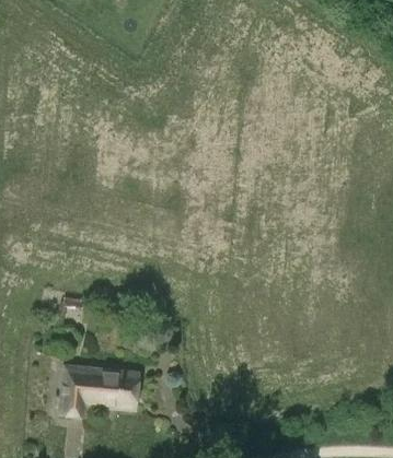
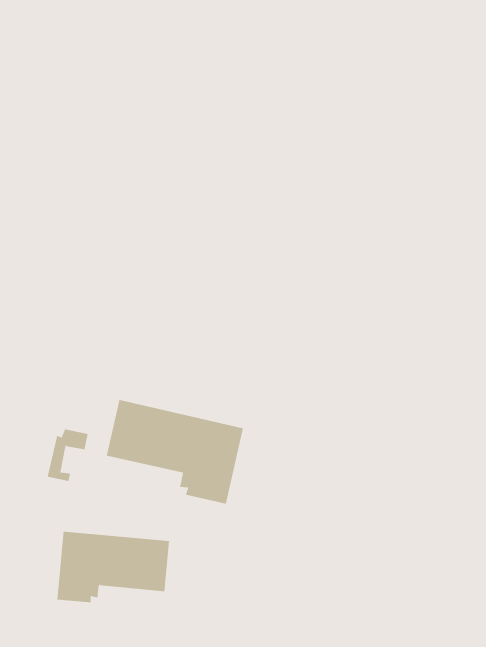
building: none -> [106,399,243,504]

